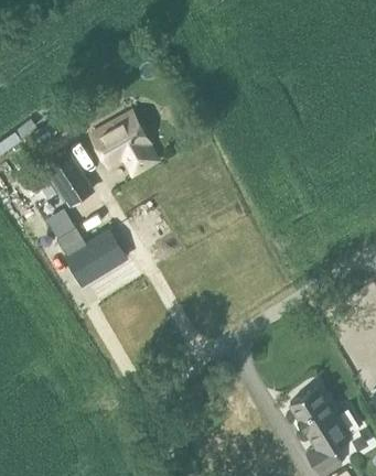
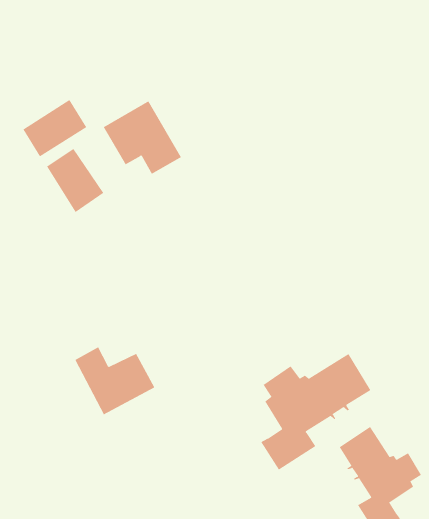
building: [57,217,125,274] -> [75,347,155,415]
building: none -> [260,353,371,470]

